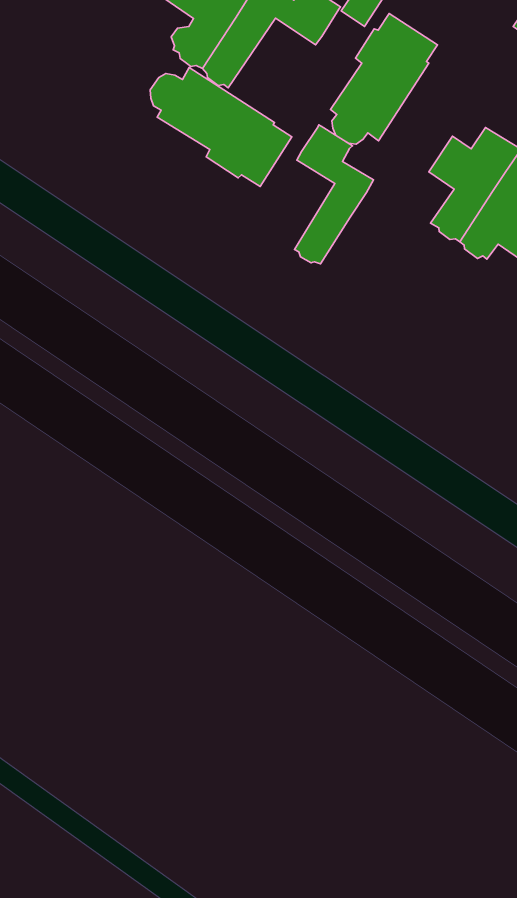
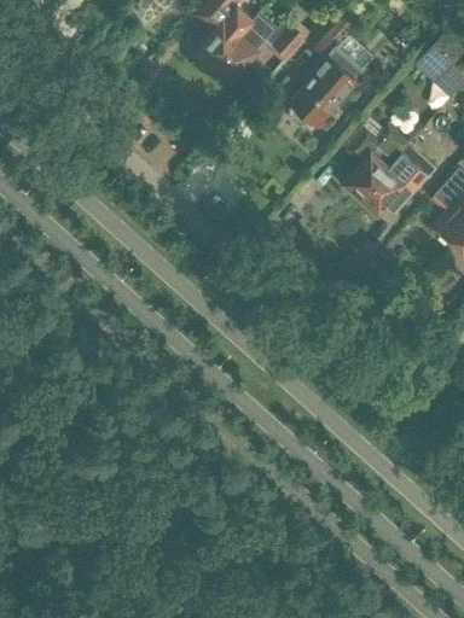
building: [150,67,292,187] -> none
building: [295,125,373,264] -> none

